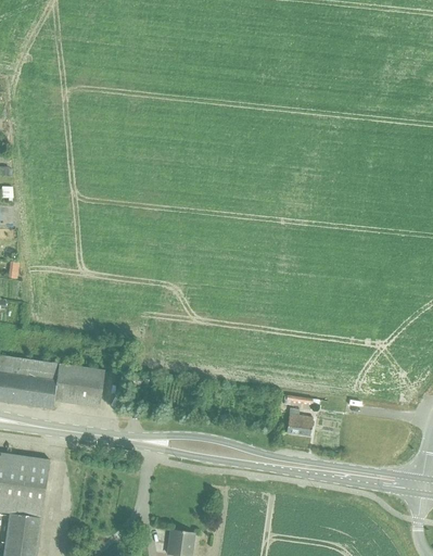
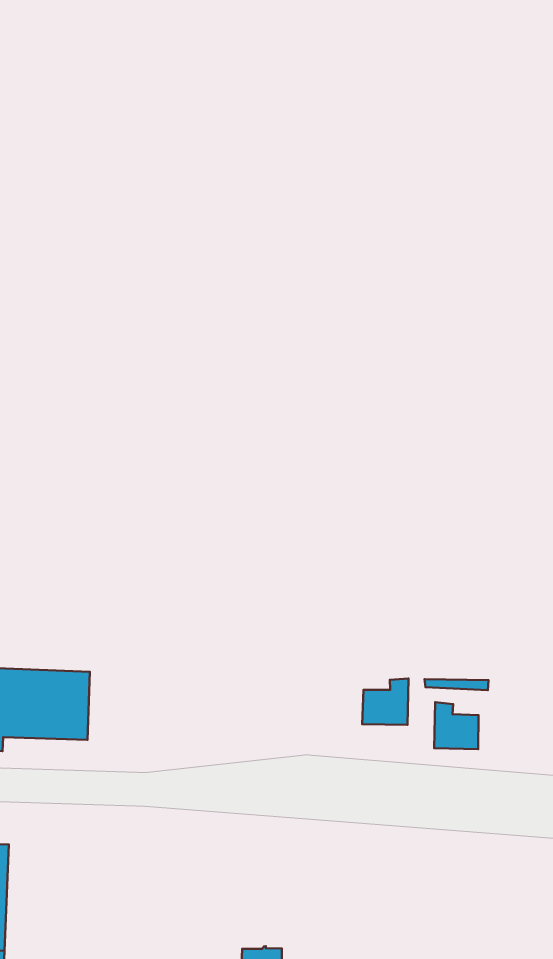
building: none -> [362,678,408,725]

